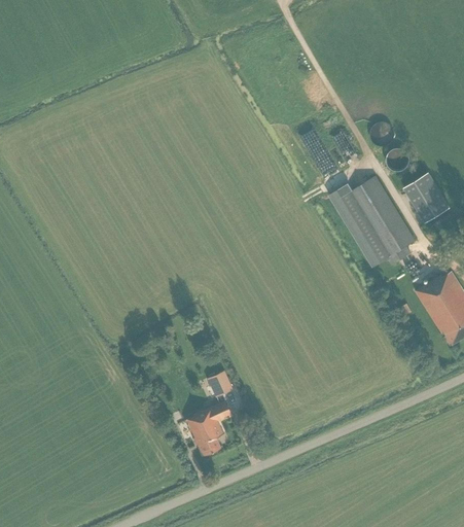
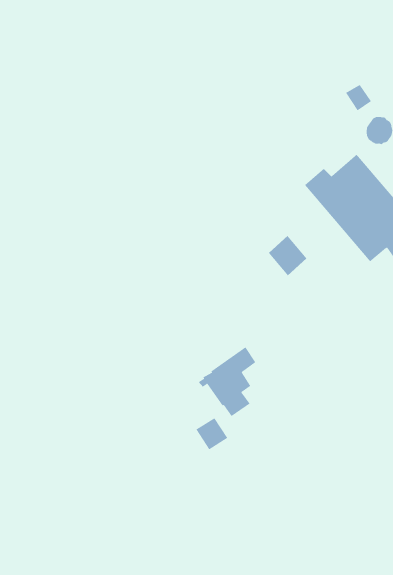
building: none -> [268,235,307,276]
building: [180,399,230,455] -> [198,346,256,417]

